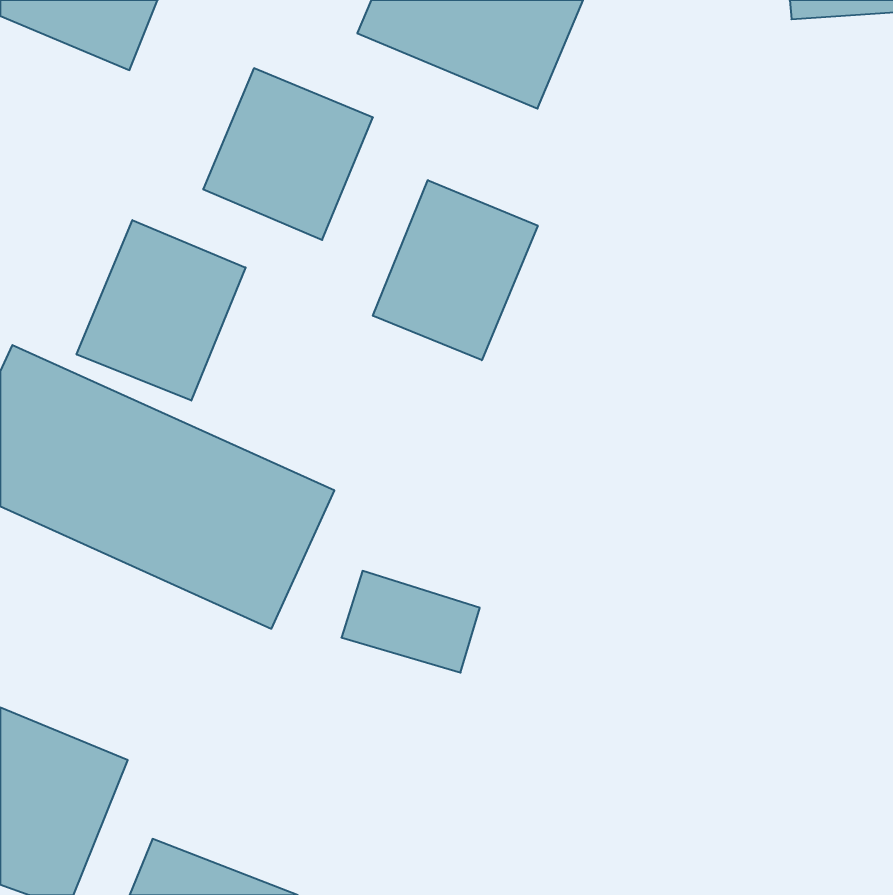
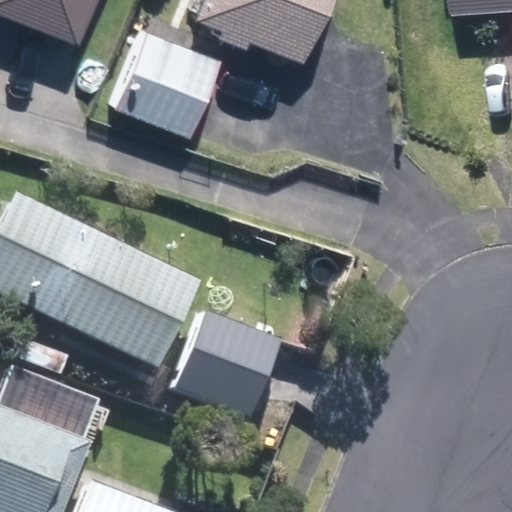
building: [373,180,538,360] -> none
building: [77,220,246,401] -> none

